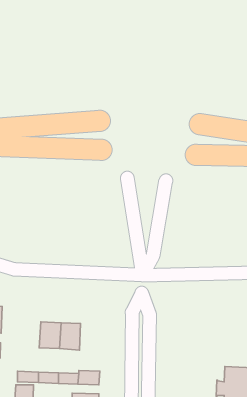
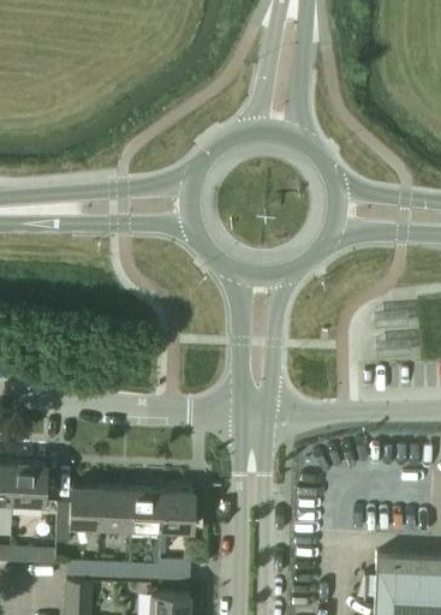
building: none -> [56,486,103,543]
building: none -> [161,490,193,531]

